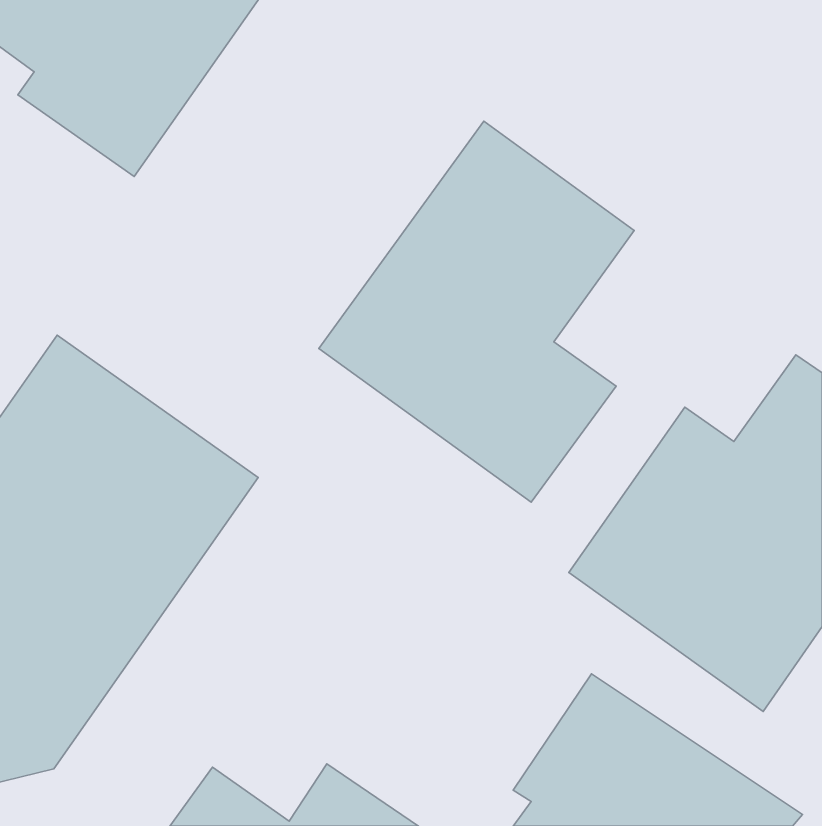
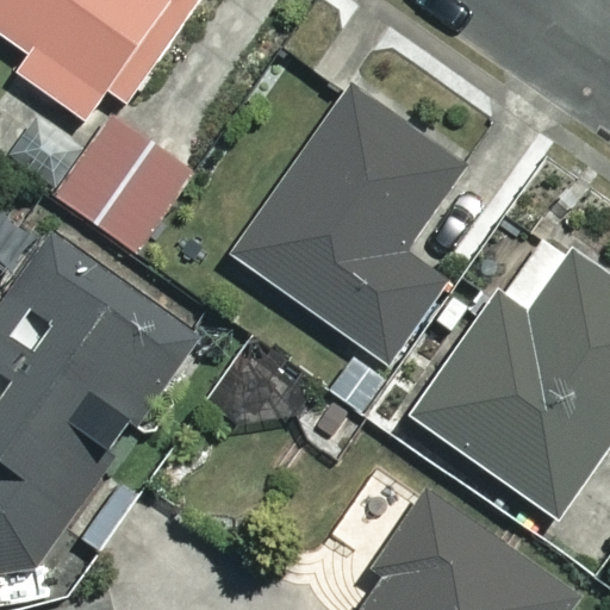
building: none -> [14,116,194,251]

